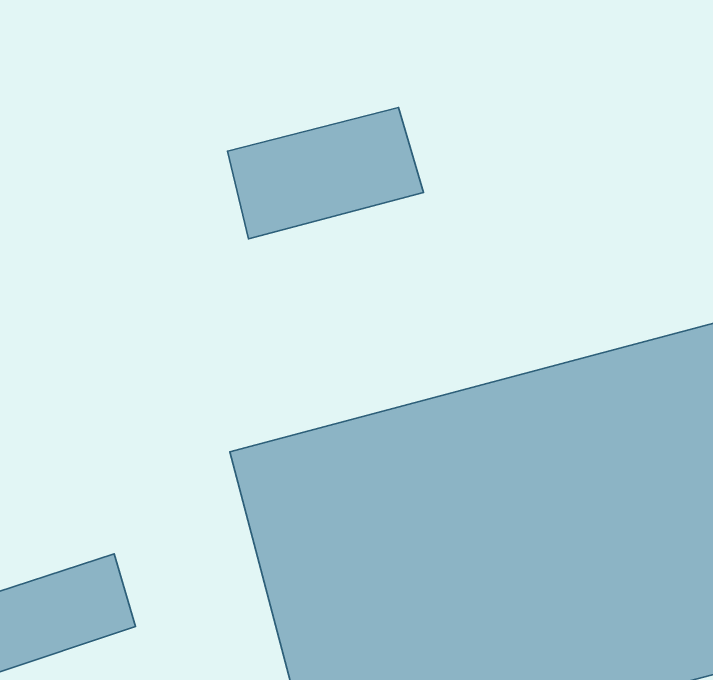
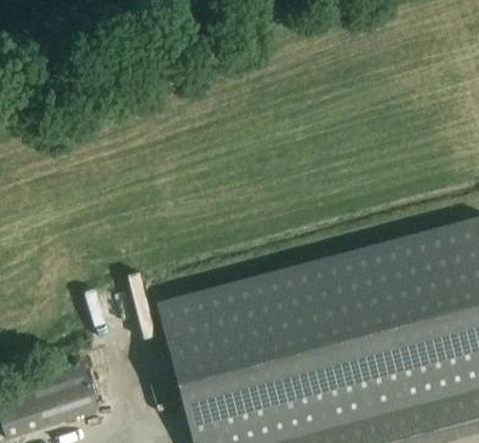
building: [228,107,423,239] -> none

